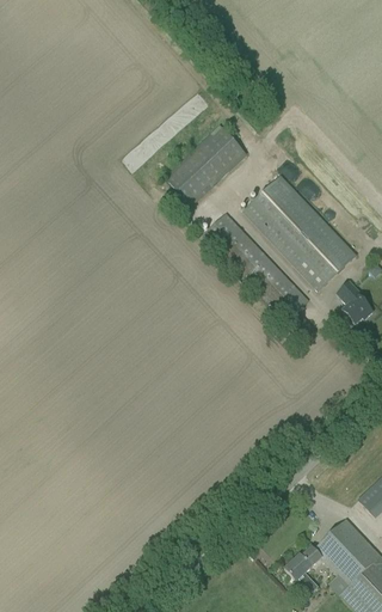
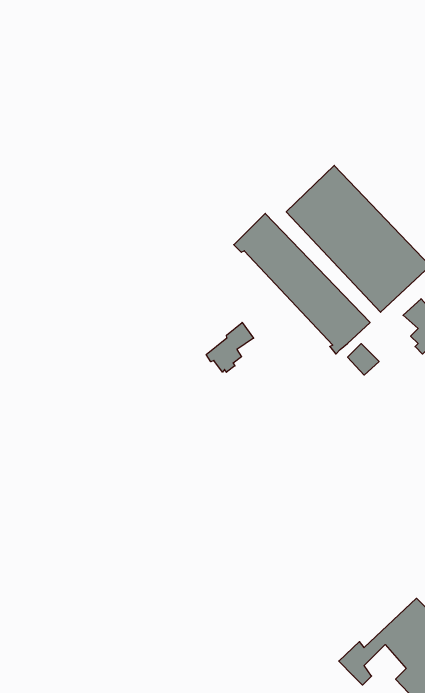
building: [164,126,247,207] -> none
building: none -> [206,322,254,372]

